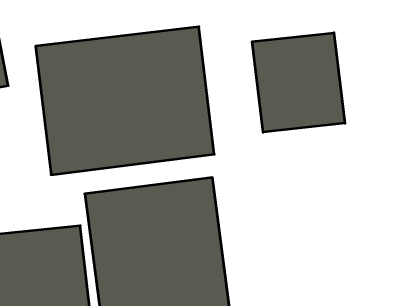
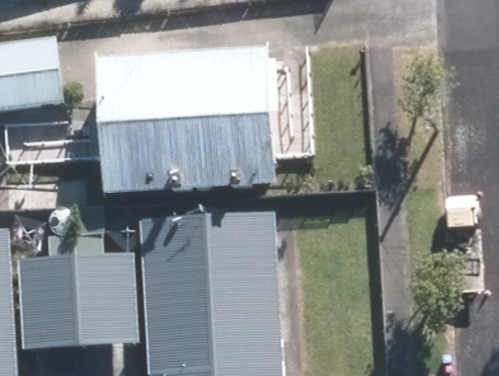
building: [252,33,345,132] -> none

